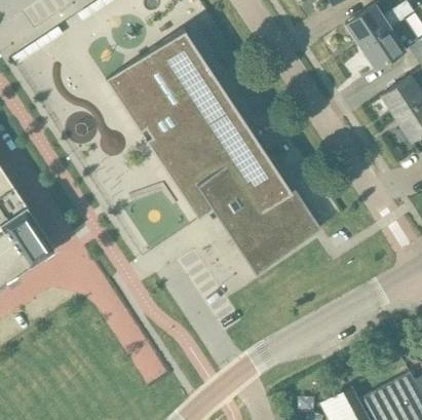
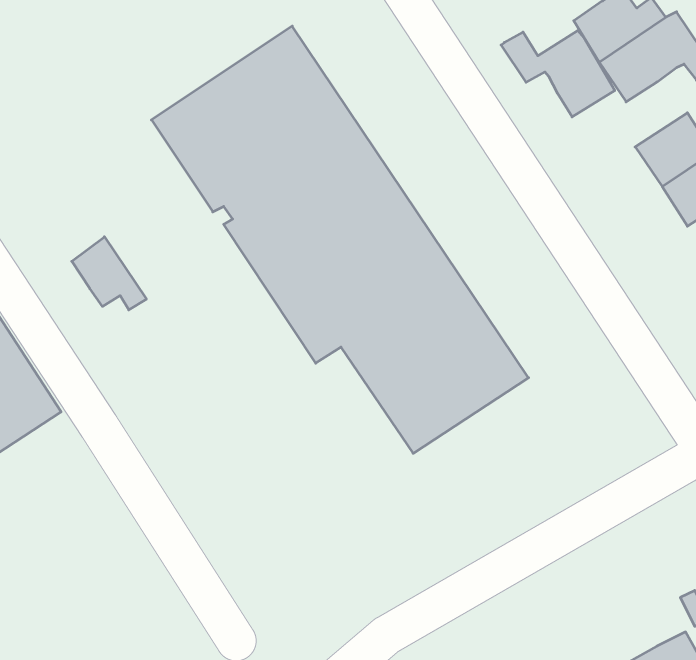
building: none -> [501,30,615,117]
building: none -> [72,237,146,310]

